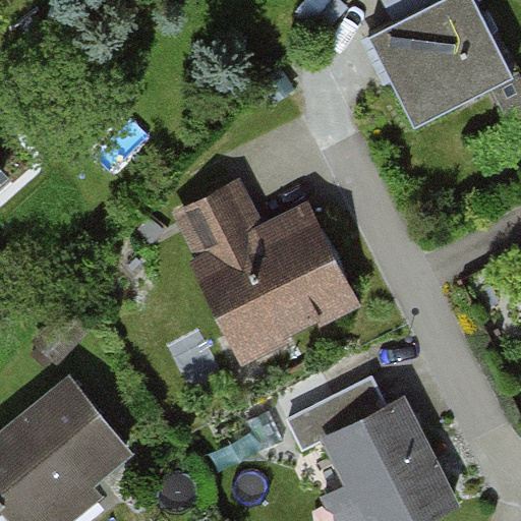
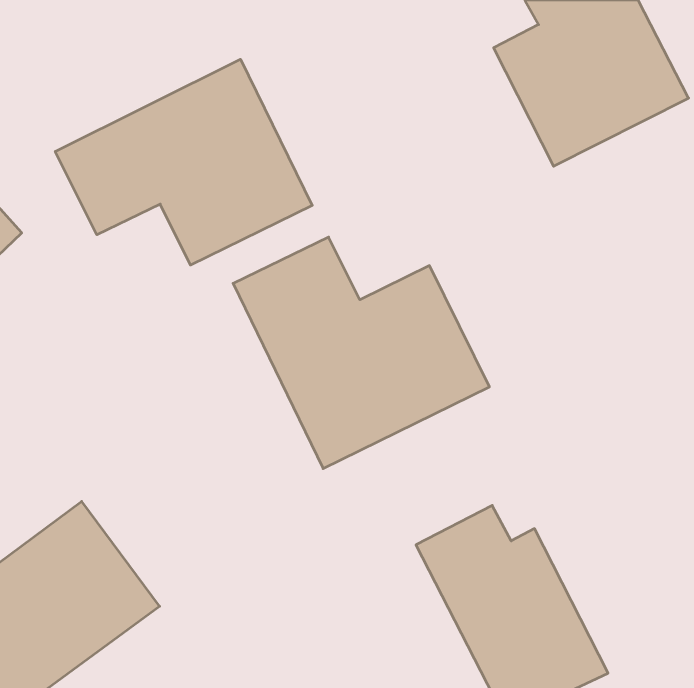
building: none -> [55,59,312,265]

